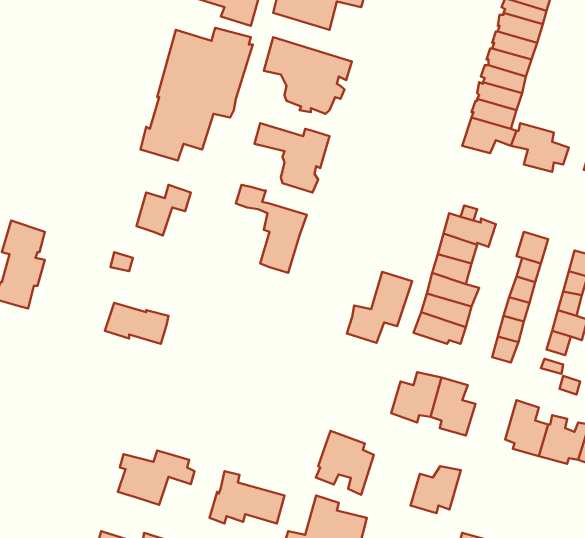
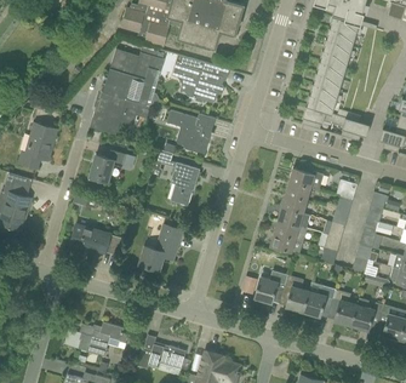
building: none -> [18,122,57,168]
building: [347,272,412,343] -> [139,224,182,270]
building: [316,431,374,495] -> none
building: [410,466,461,513] -> [303,286,336,316]

